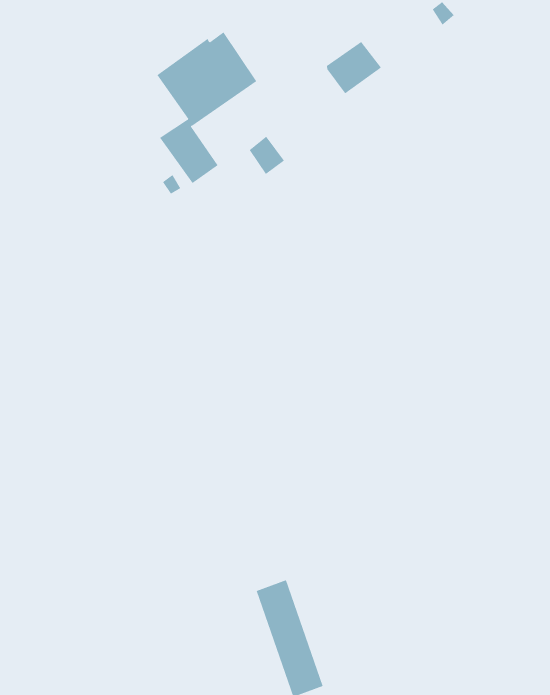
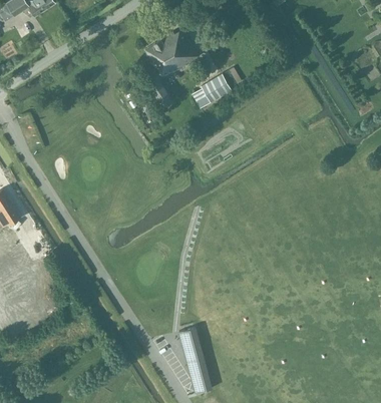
building: [326,41,382,94] -> [203,72,233,100]

